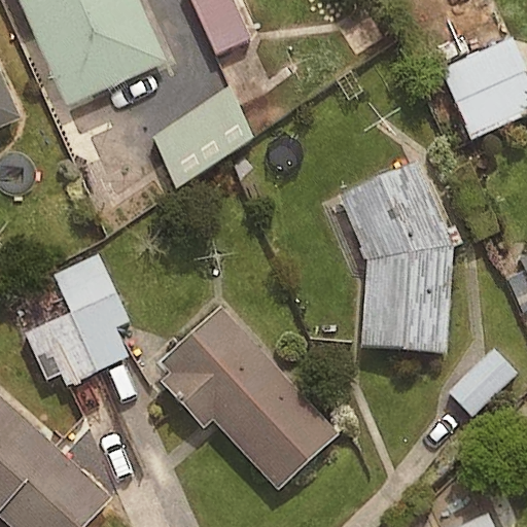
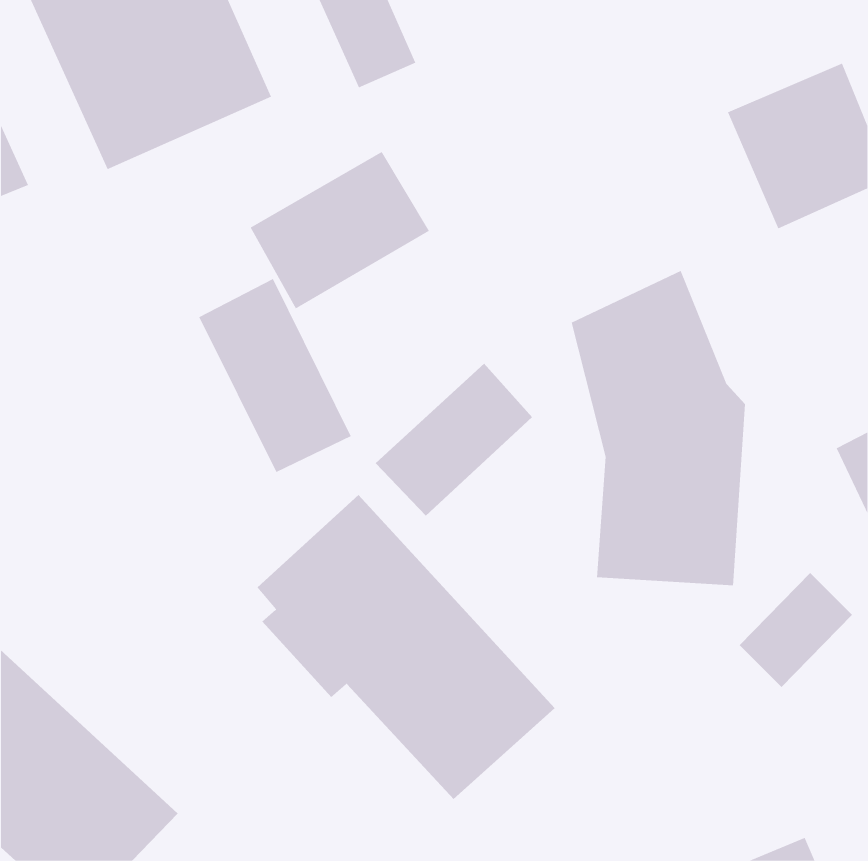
building: none -> [199,278,352,473]
building: none -> [375,363,533,516]
building: [7,254,130,392] -> none

